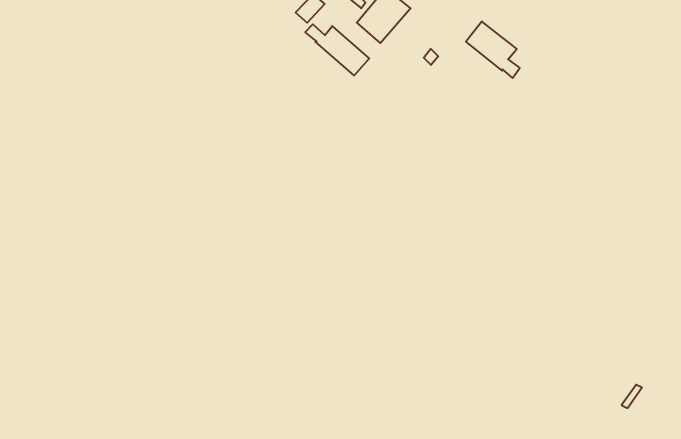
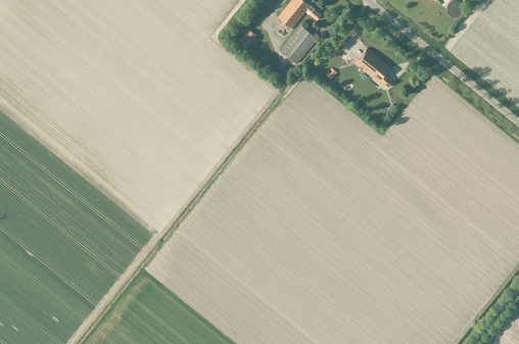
building: [305,24,369,75] -> none

